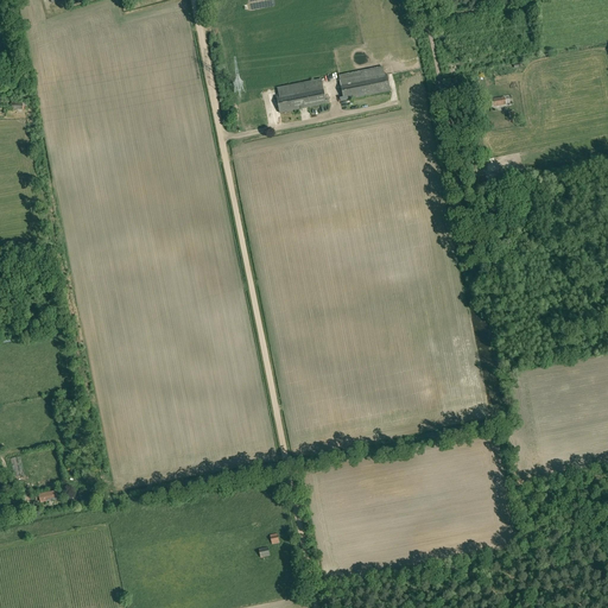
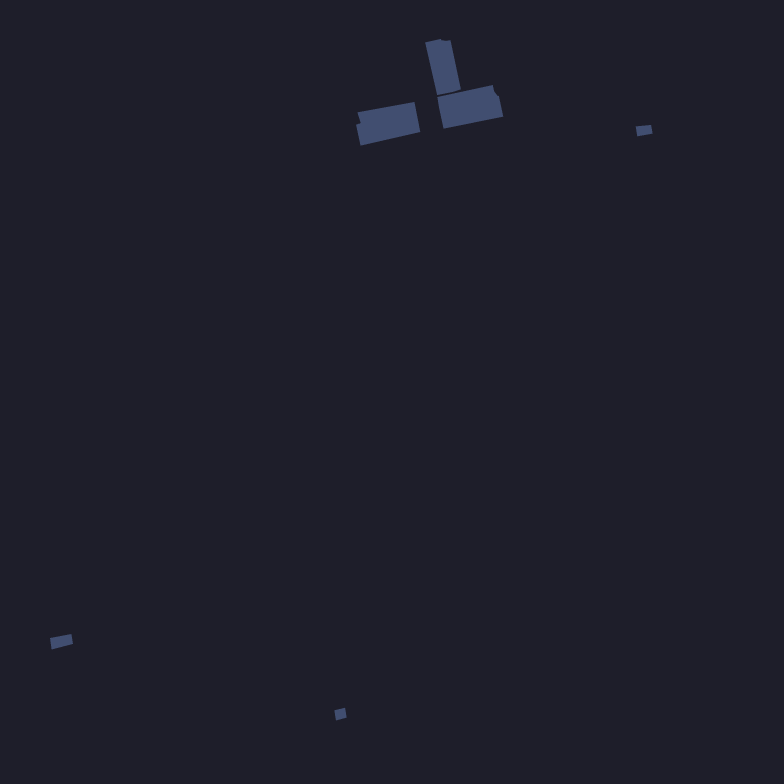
building: none -> [424,38,462,96]

